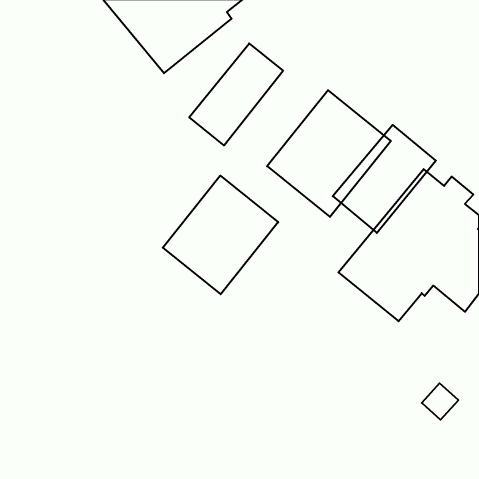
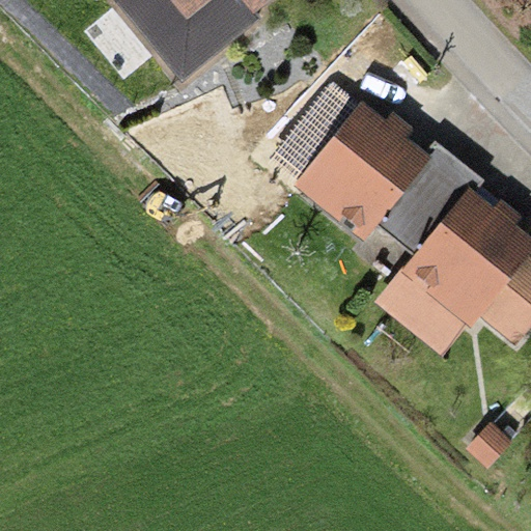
building: [189,43,283,145] -> none
building: [163,176,278,294] -> none

